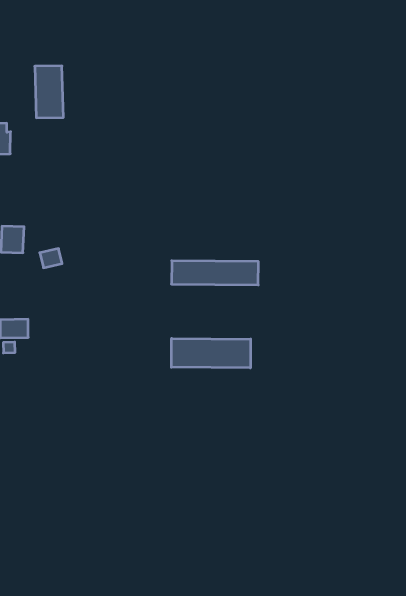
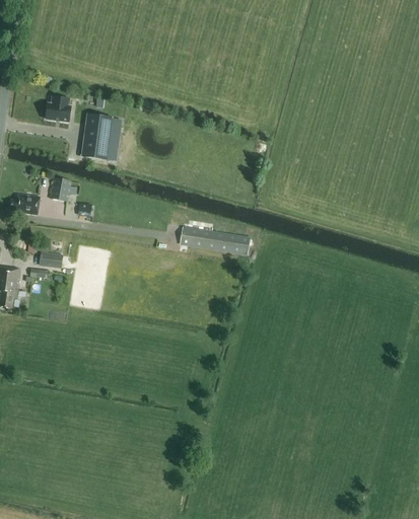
building: [35,66,63,118] -> [85,115,112,158]
building: [171,338,251,368] -> none

